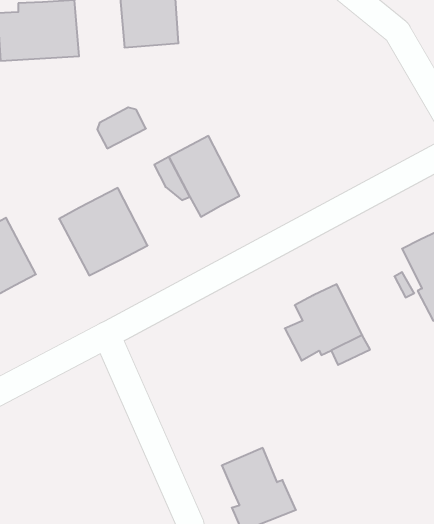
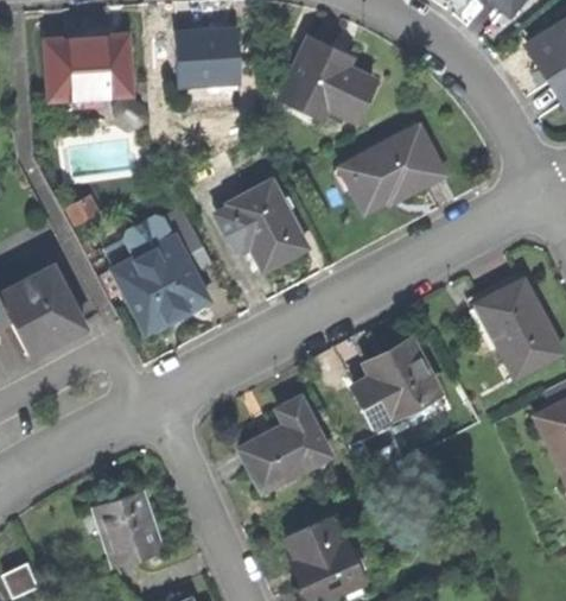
building: none -> [282,43,374,124]
building: none -> [339,127,443,211]
building: [97,107,146,148] -> [121,214,173,258]
building: none -> [236,397,326,489]
building: none -> [97,487,165,565]

